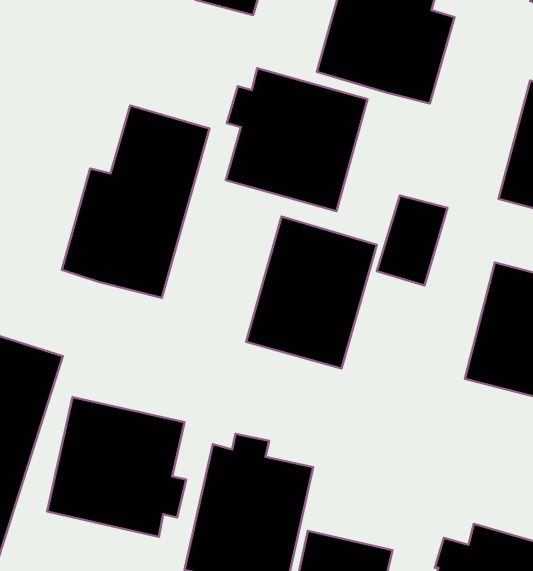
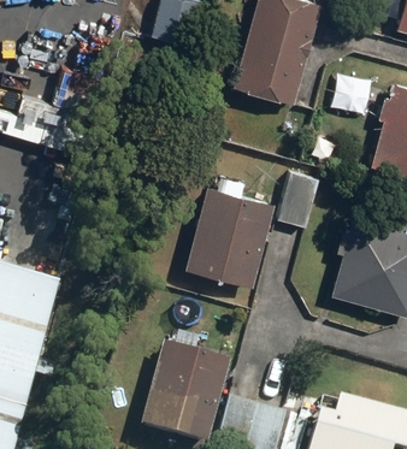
building: [226,68,368,211] -> none
building: [62,106,209,298] -> none
building: [47,397,186,537] -> none

